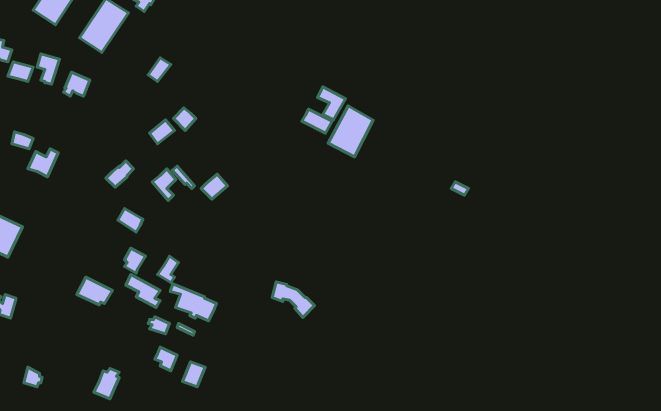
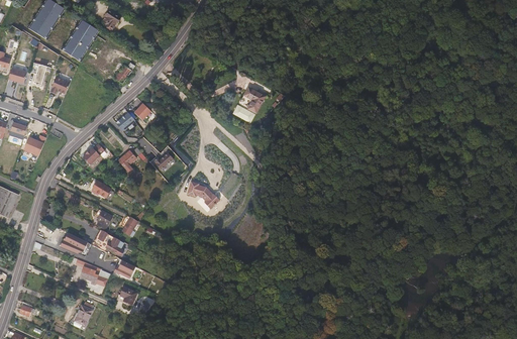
building: [328,106,373,157] -> none
building: [272,282,315,317] -> [187,181,219,208]
building: [170,284,216,321] -> [75,258,110,287]

